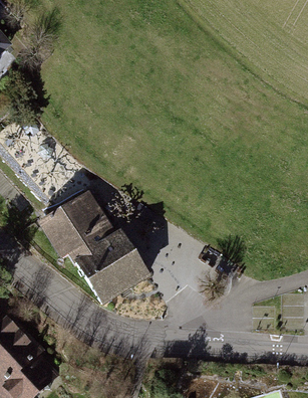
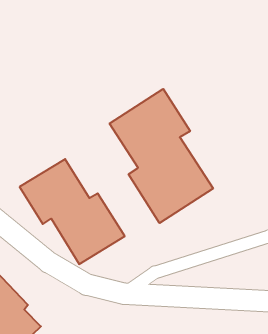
building: none -> [110,89,213,223]

